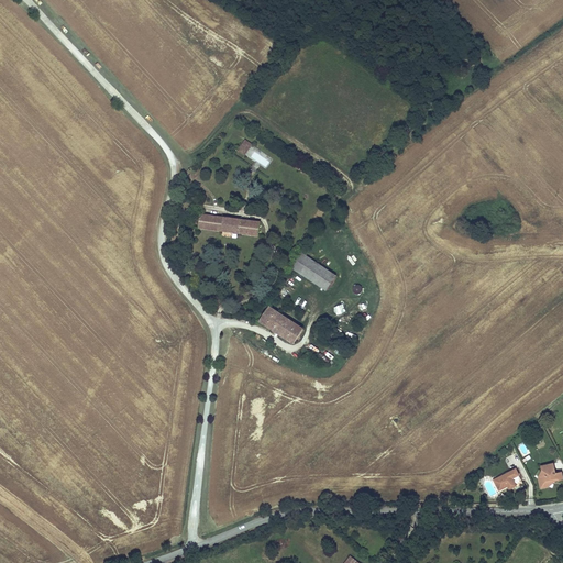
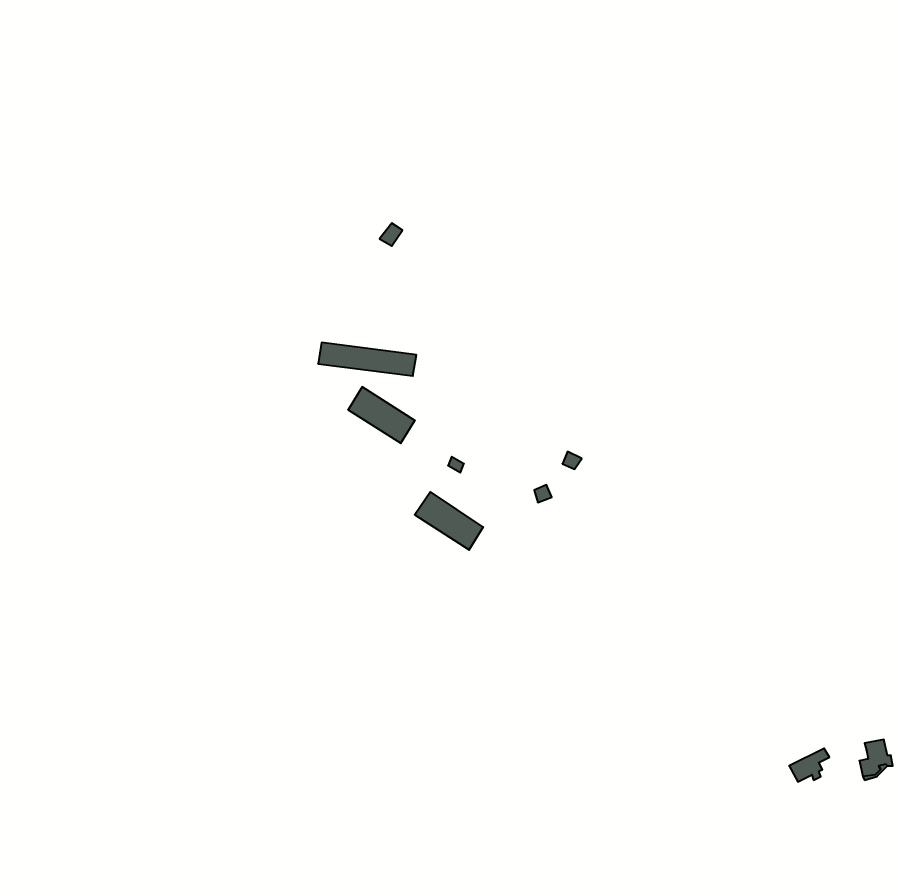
building: [294,254,335,289] -> [348,387,415,443]

